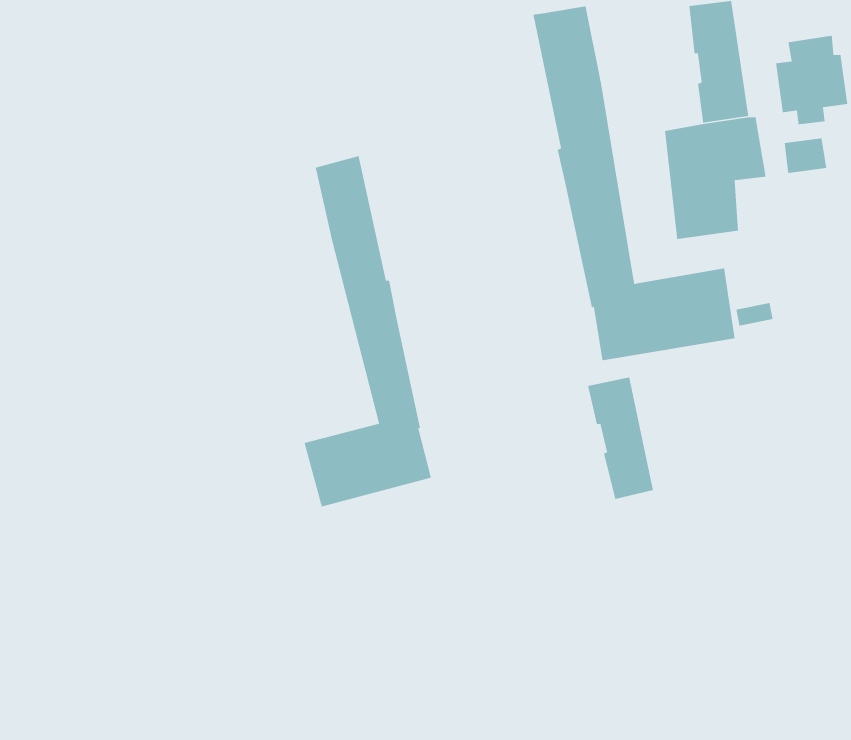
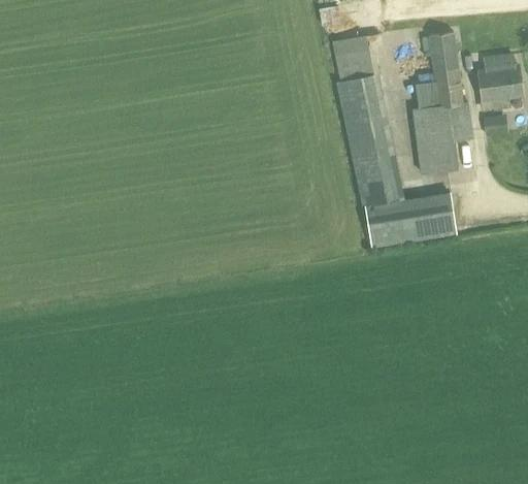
building: [303,155,432,507] -> none
building: [587,377,654,500] -> none

